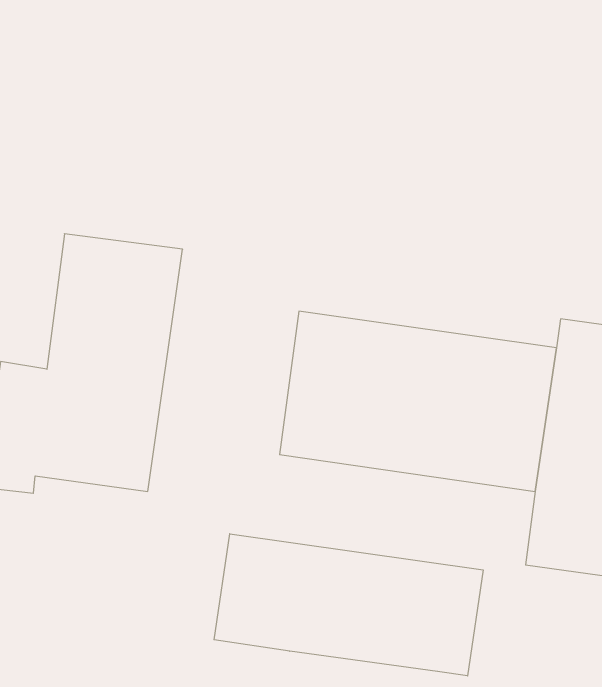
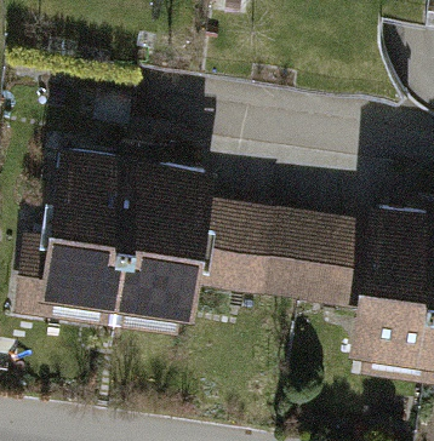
building: none -> [115,162,215,325]
building: [214,534,483,676] -> none

